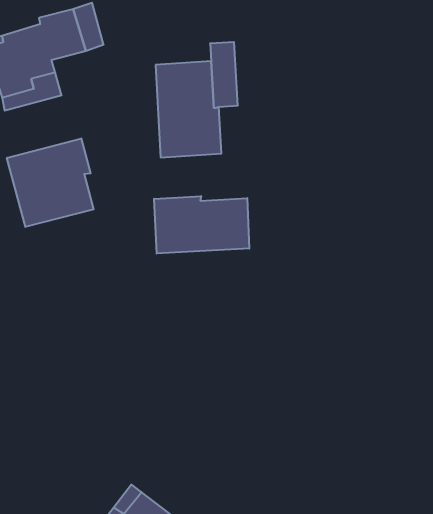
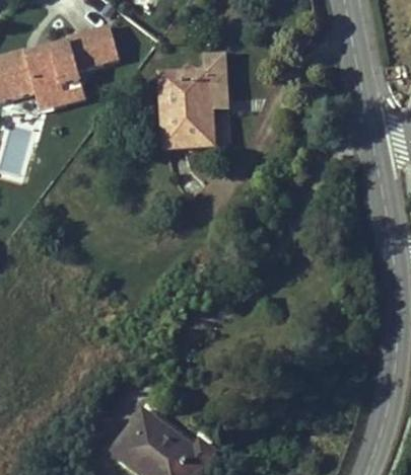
building: [7,138,94,227] -> none
building: [154,196,249,254] -> none

